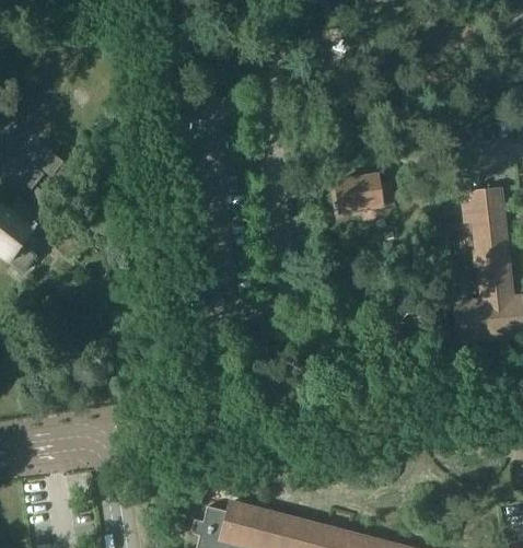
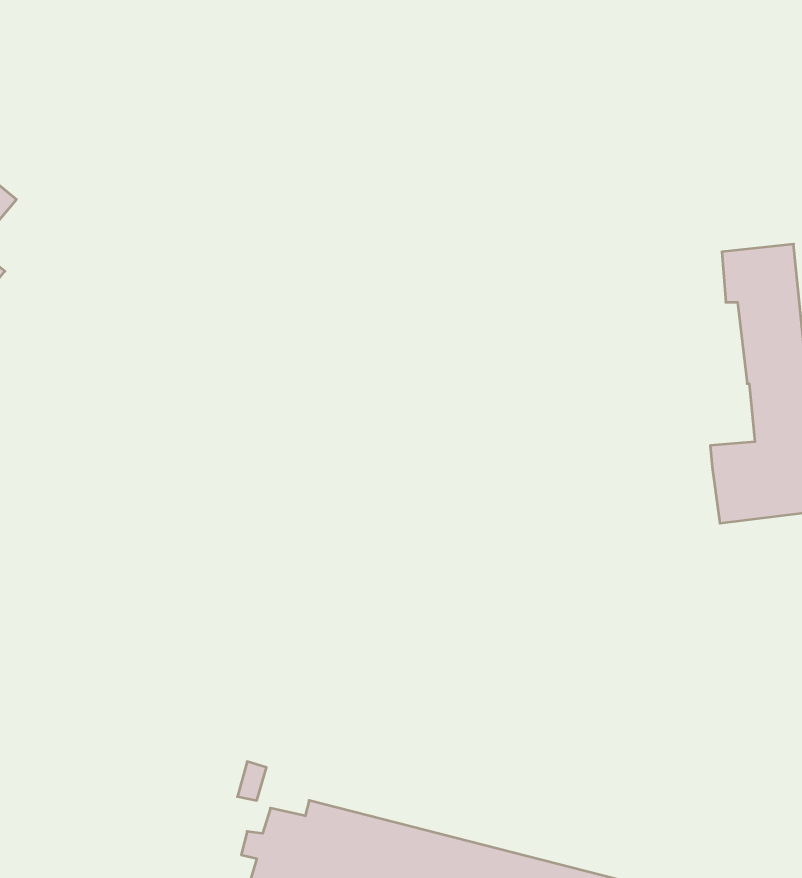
building: [336,176,383,214] -> none

